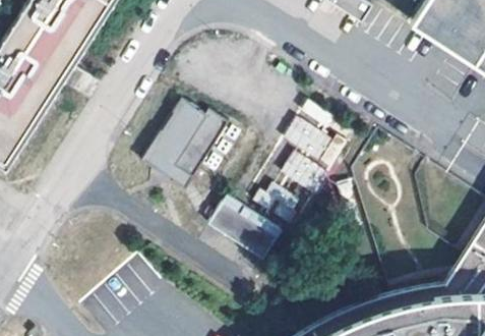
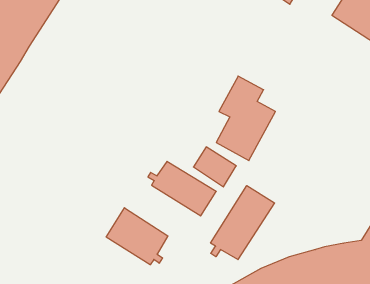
building: [142,95,230,186] -> none
building: none -> [211,186,275,260]
building: none -> [106,208,168,265]

